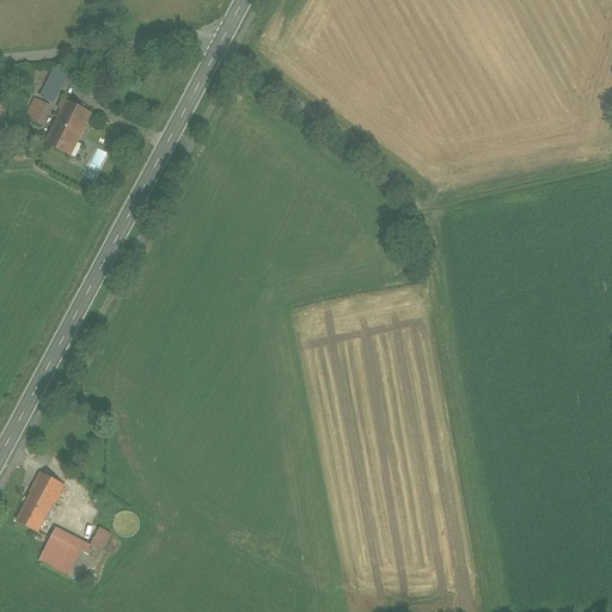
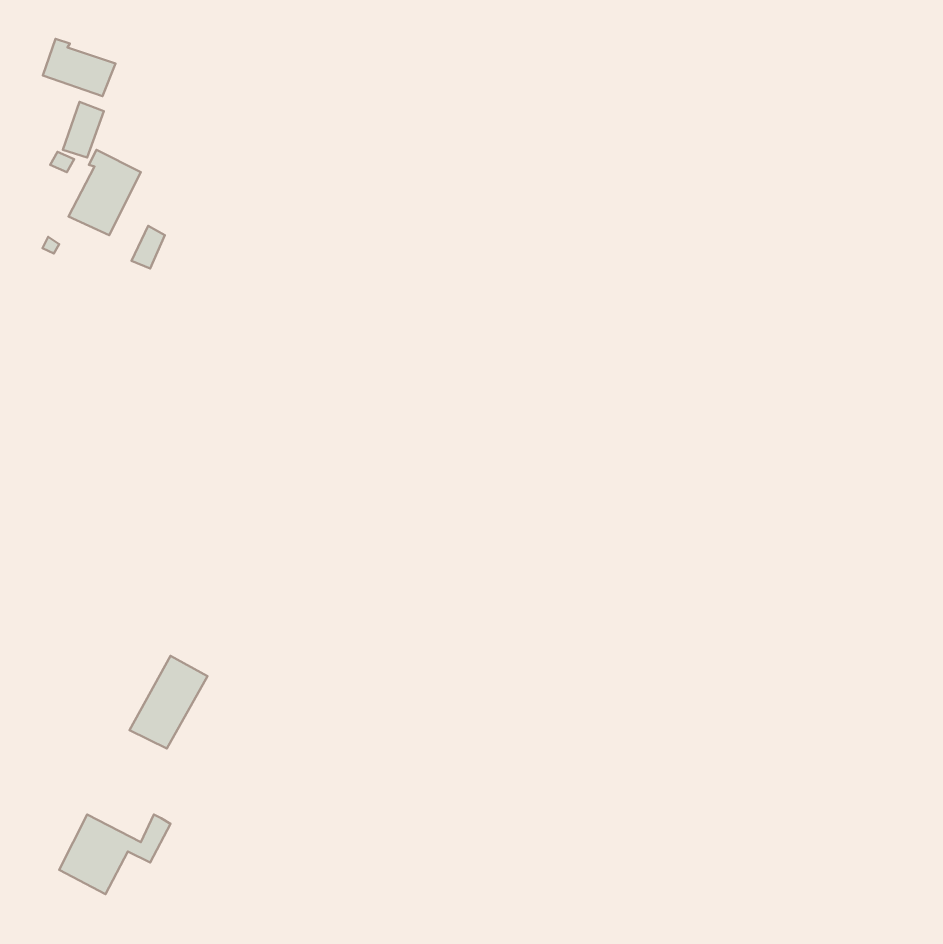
building: none -> [43,39,116,96]
building: [14,471,65,531] -> [130,656,207,749]

